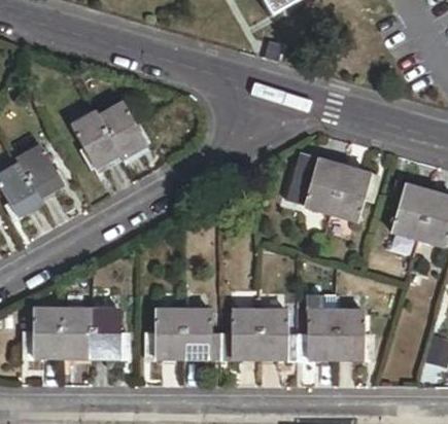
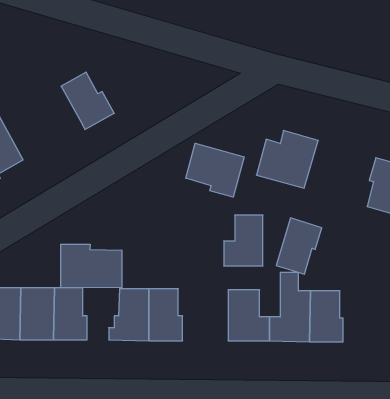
building: [73,110,122,169] -> none
building: [332,167,375,220] -> [276,218,322,274]
building: none -> [186,143,244,197]
building: none -> [61,244,122,288]
building: [222,309,260,357] -> [224,215,263,266]

